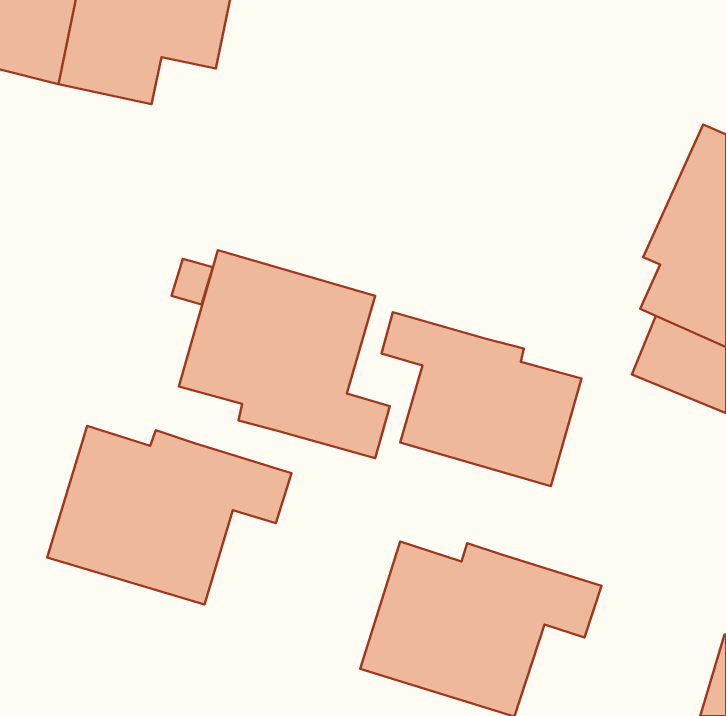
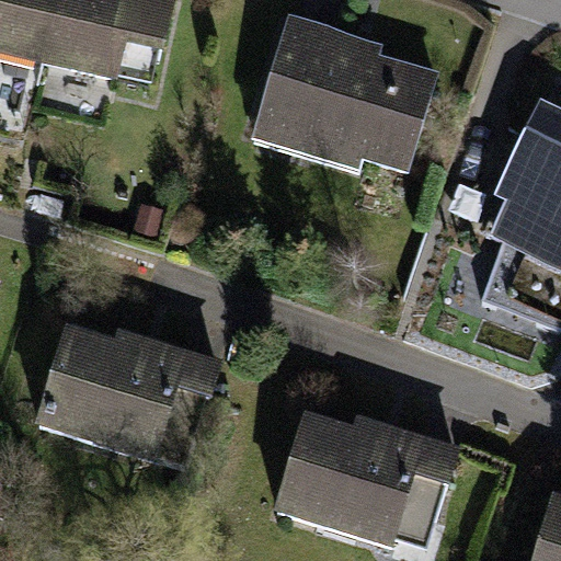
building: none -> [253,14,442,173]
building: [179,250,390,458] -> none
building: [381,312,582,486] -> none

